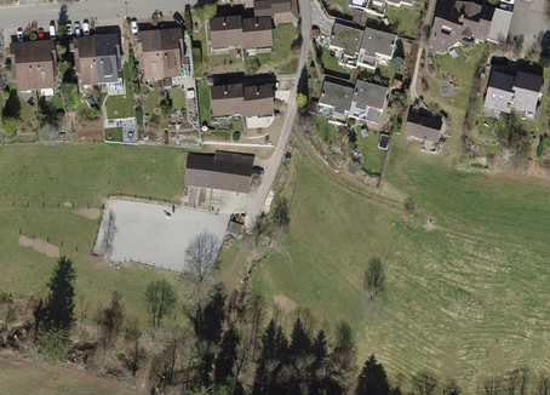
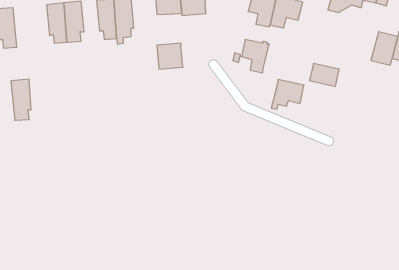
building: [30,39,56,91] -> [11,79,31,120]
building: [346,80,388,118] -> [271,79,304,109]
building: [242,87,276,120] -> none
building: [183,150,253,193] -> none

